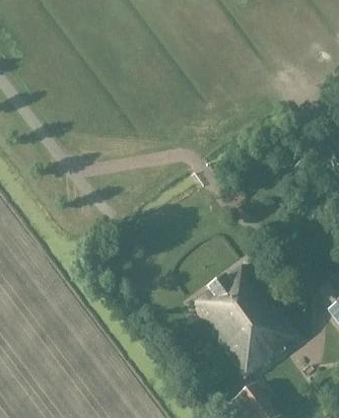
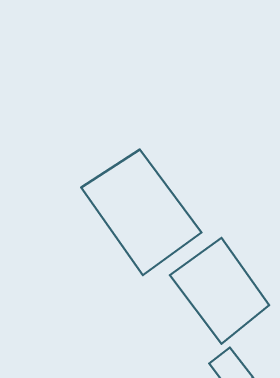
building: none -> [81,150,201,275]

